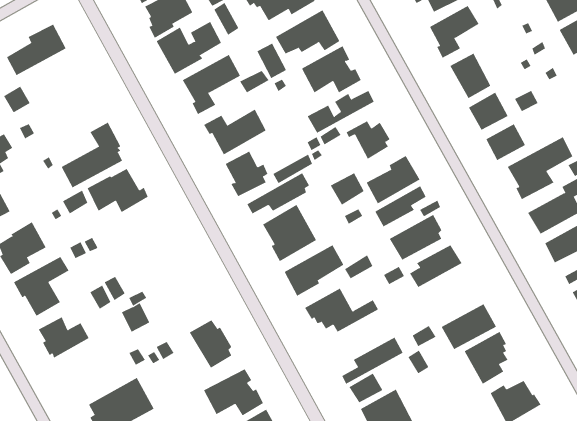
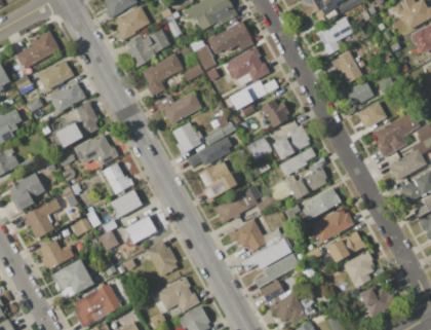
building: none -> [38,60,73,89]
building: none -> [50,82,85,111]
building: none -> [103,162,133,193]
building: none -> [110,189,142,217]
building: none -> [311,208,354,243]
building: none -> [124,215,157,244]
building: none -> [241,237,292,271]
building: none -> [50,259,93,293]

